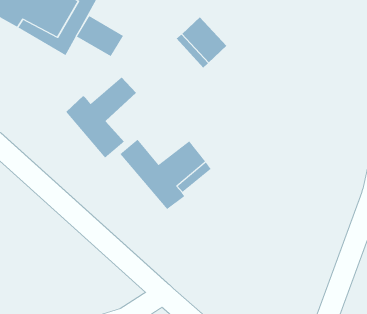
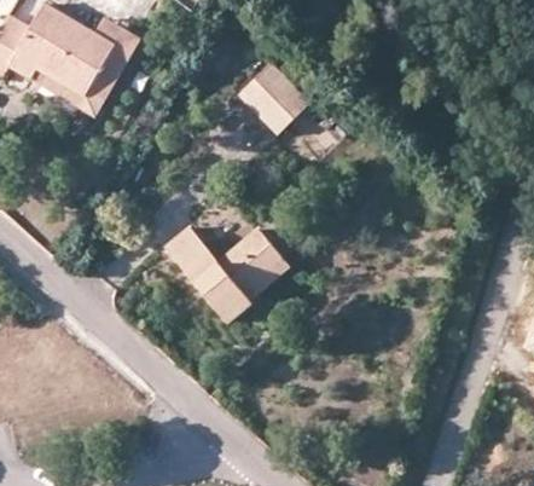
building: [76,15,124,57] -> none
building: [66,77,137,159] -> none

